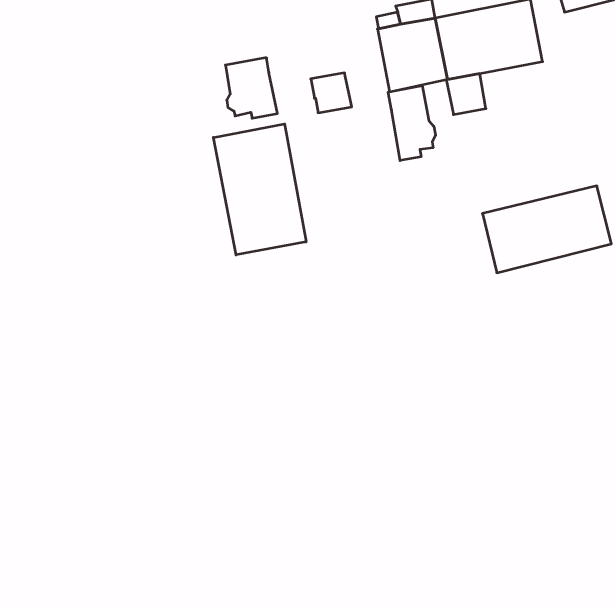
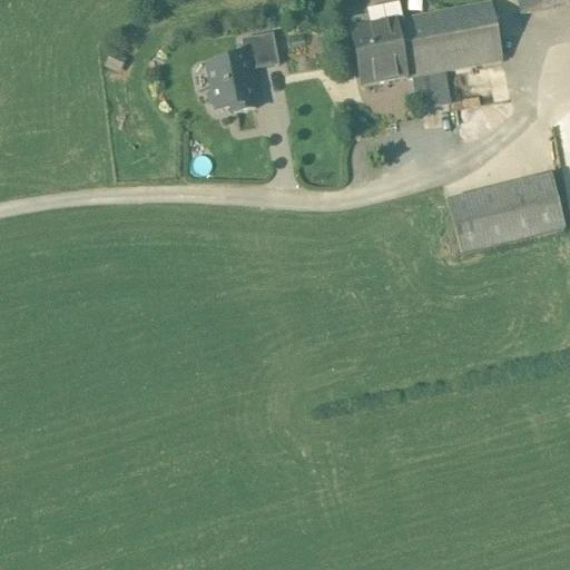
building: [311,73,352,113] -> [243,30,281,67]
building: [388,85,436,161] -> none
building: [213,124,306,255] -> none

